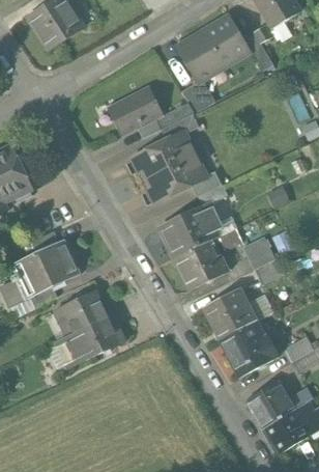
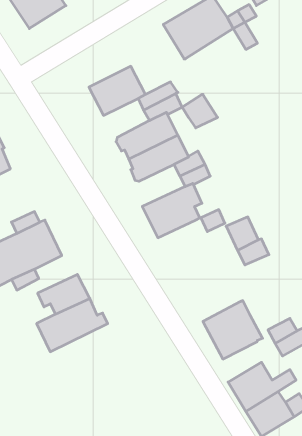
building: [181,79,216,112] -> [182,94,218,128]
building: [175,239,227,288] -> none
building: [203,287,257,339] -> none

